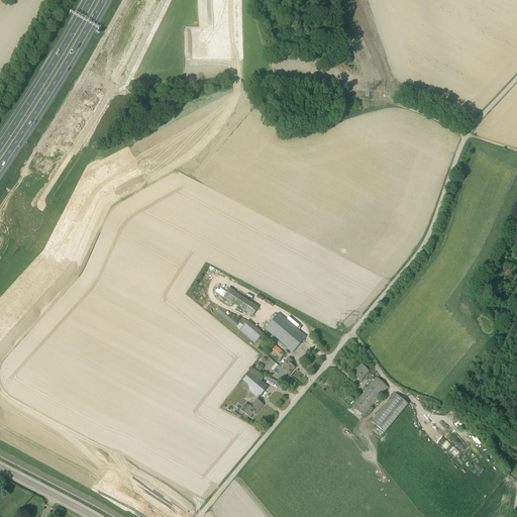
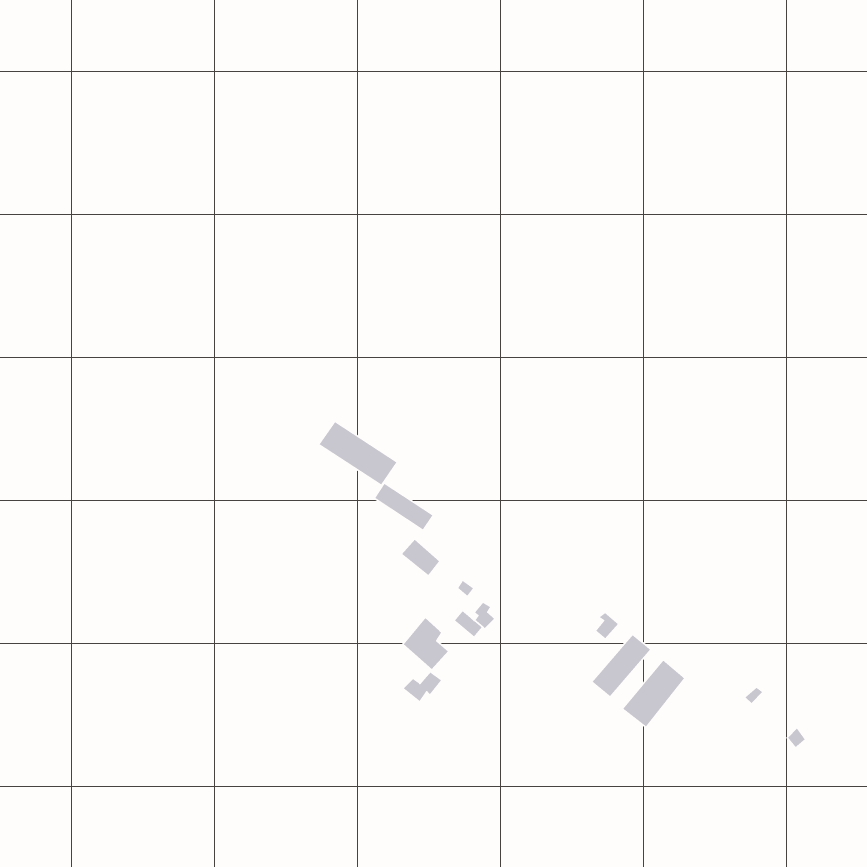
building: none -> [319,421,397,486]
building: [265,312,305,351] -> none

